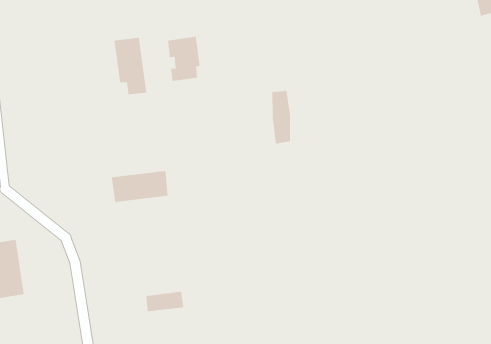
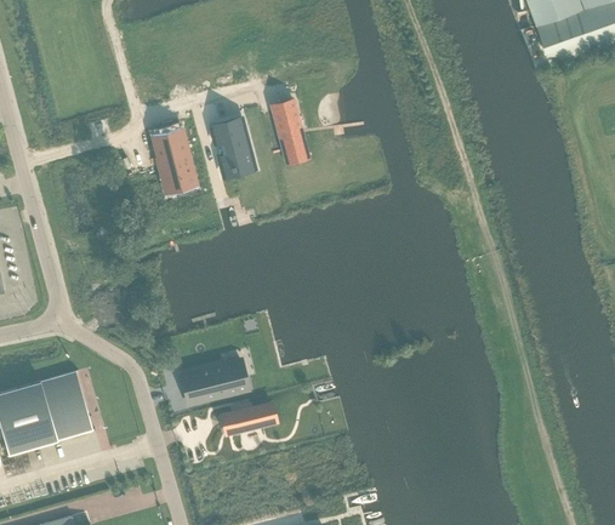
building: [272,90,291,144] -> [275,98,303,159]
building: [111,170,169,203] -> [181,359,246,401]

